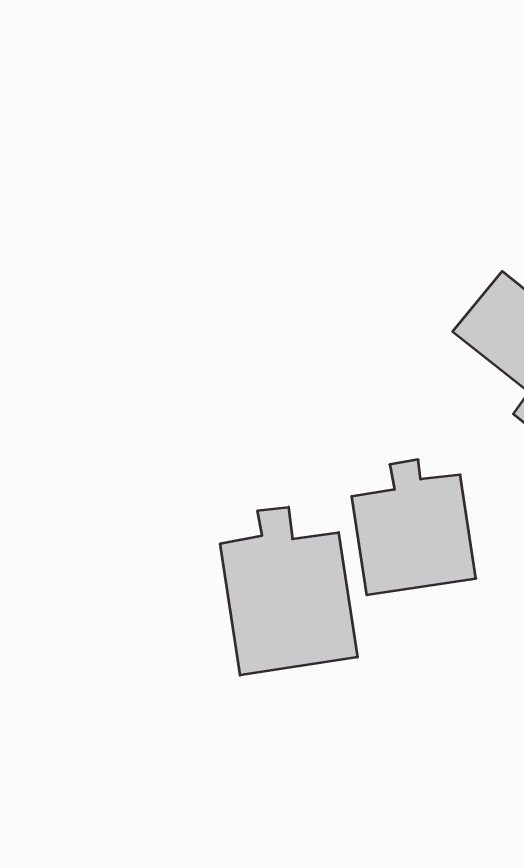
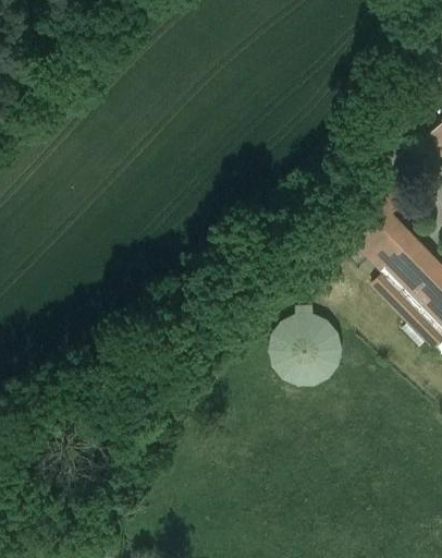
building: [220,507,357,675] -> none

